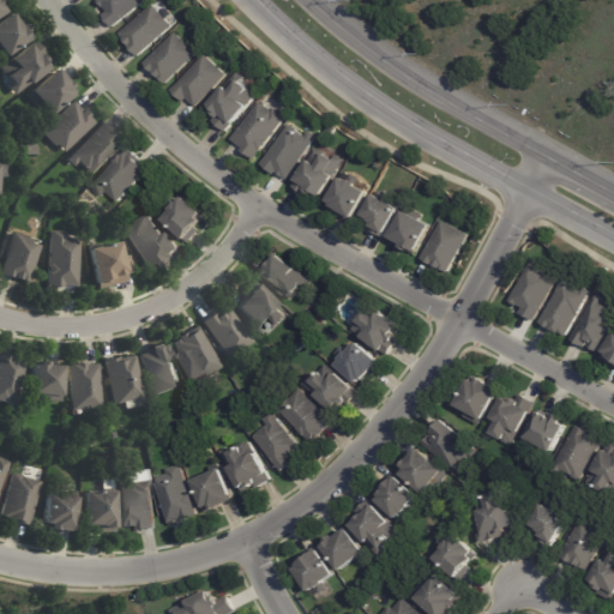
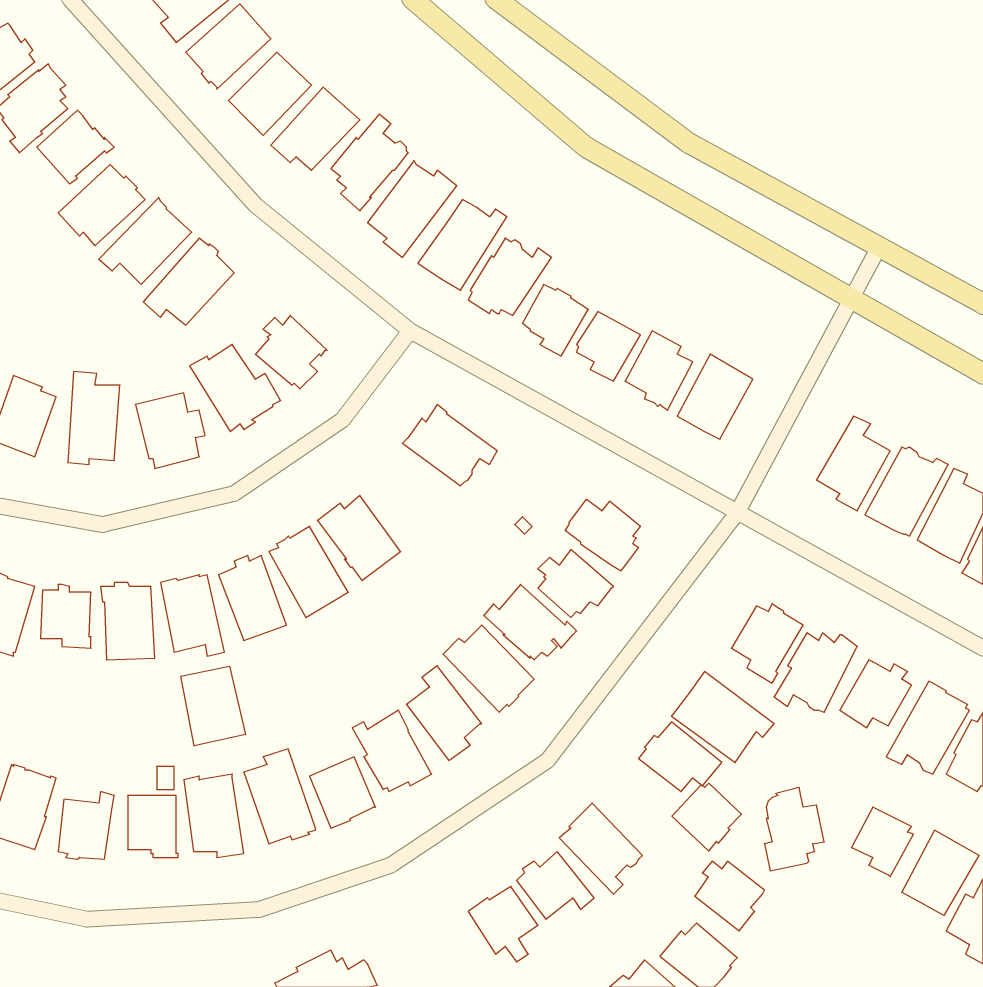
building: [228,281,282,332] -> none
building: none -> [181,666,245,746]
building: [373,475,416,517] -> [672,783,742,851]

